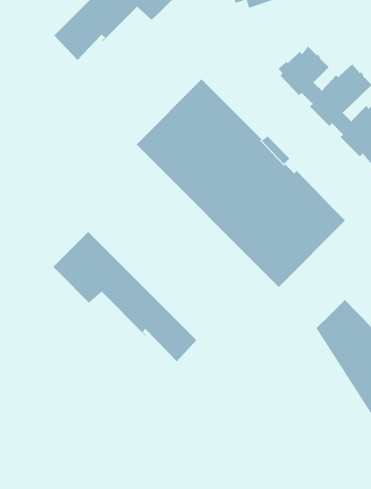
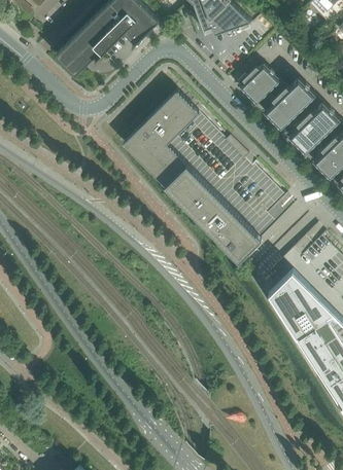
building: [52,231,197,362] -> none

